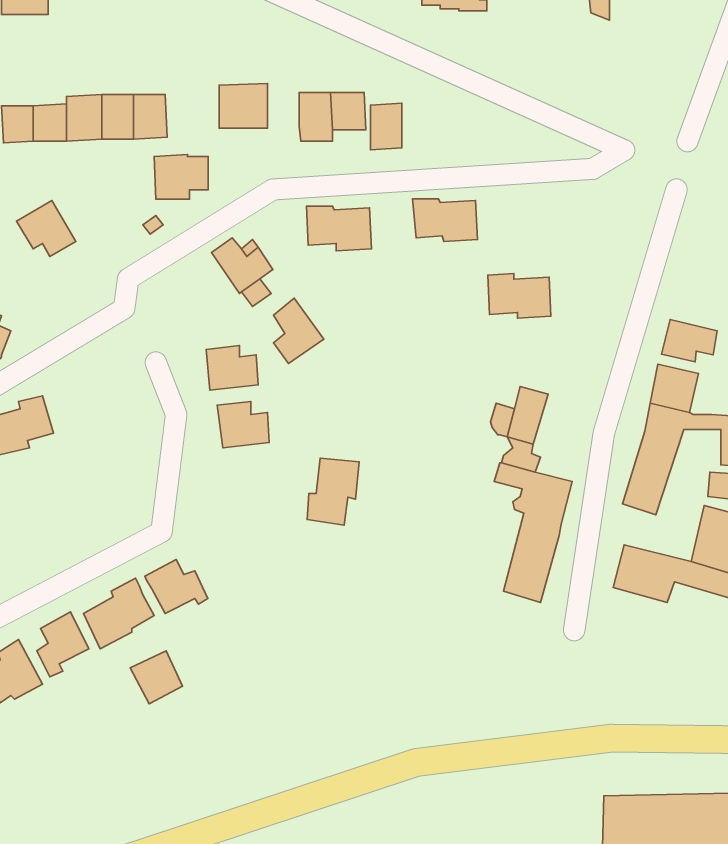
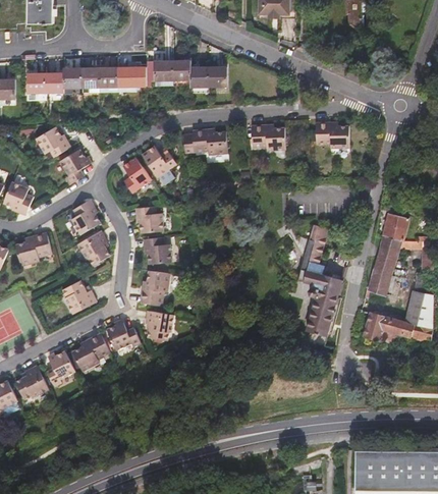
building: [370,103,402,150] -> [172,59,189,85]
building: [154,155,208,199] -> [116,65,146,90]
building: none -> [59,147,87,183]
building: [488,273,551,318] -> [315,120,349,145]
building: [274,298,324,363] -> [123,155,151,190]
building: [662,320,717,362] -> none
building: none -> [72,200,101,233]
building: none -> [76,229,110,264]
building: [307,458,359,525] -> [141,269,169,306]
building: none -> [62,279,96,314]
building: none -> [144,309,173,339]
building: [130,651,182,704] -> none

